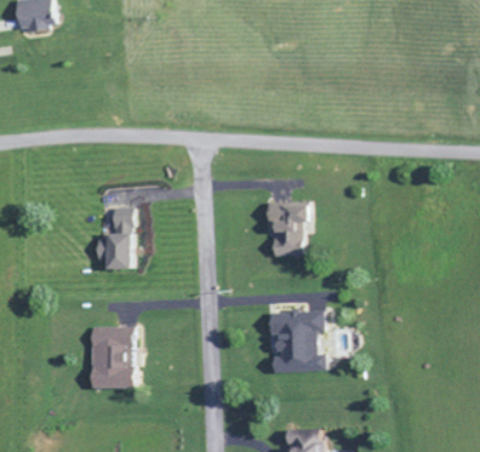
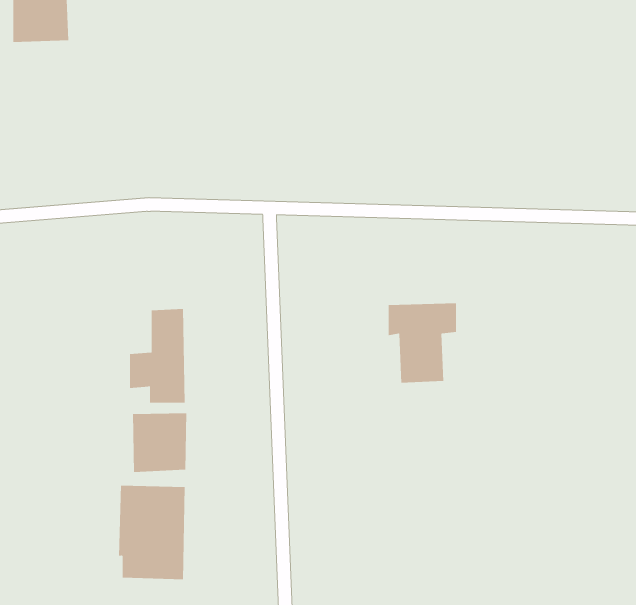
building: none -> [132,413,187,473]
building: [269,309,325,372] -> none

